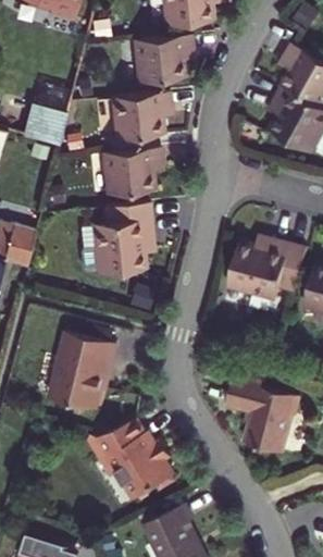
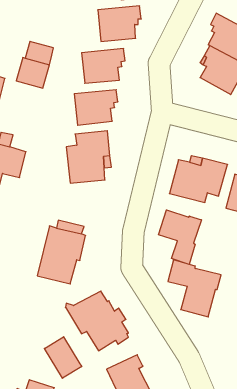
building: none -> [158,210,201,264]
building: none -> [44,337,82,378]

